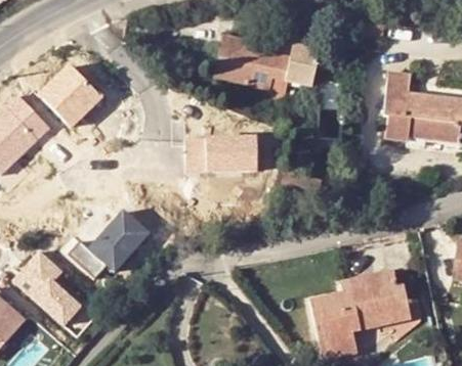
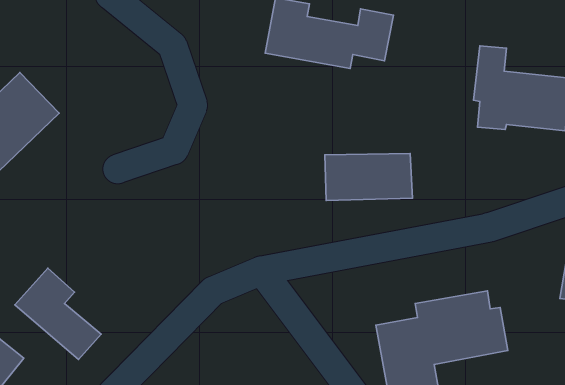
building: [38,61,103,127] -> none
building: [186,134,257,172] -> [325,154,413,201]
building: [70,212,149,277] -> none

